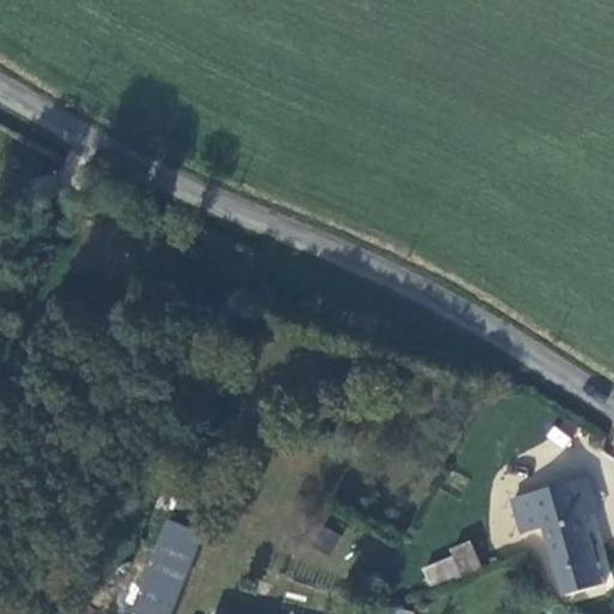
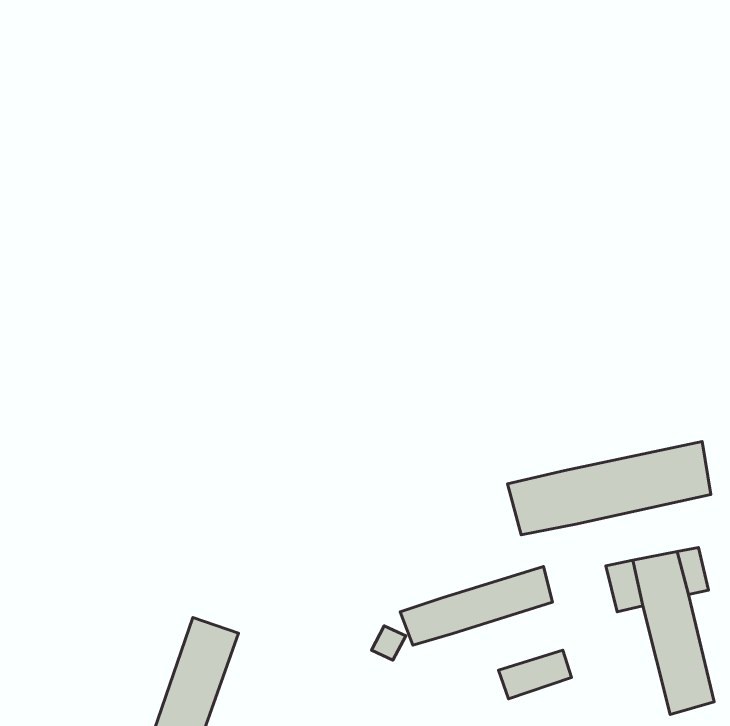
building: none -> [508,442,711,535]
building: none -> [400,567,552,645]

